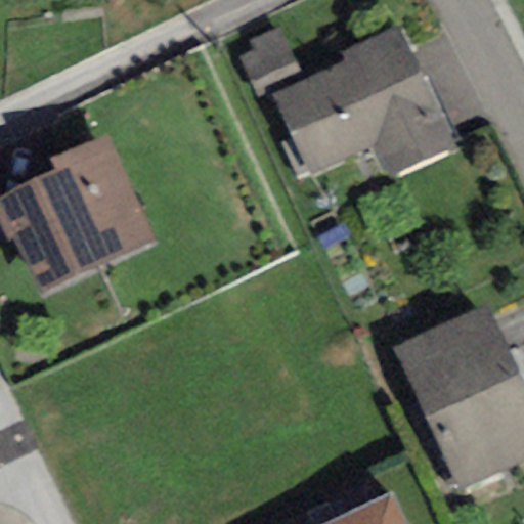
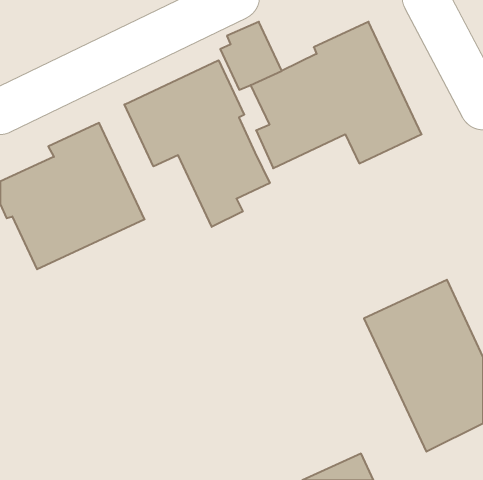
building: none -> [124,60,270,227]

